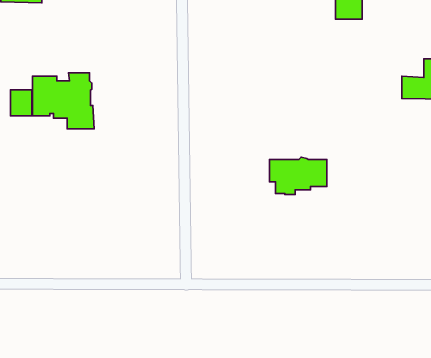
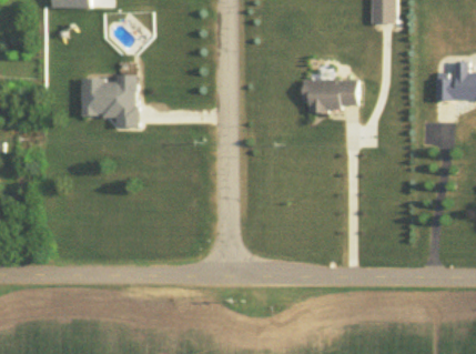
building: [10,90,32,116] -> none
building: [270,157,327,195] -> [301,78,355,113]

